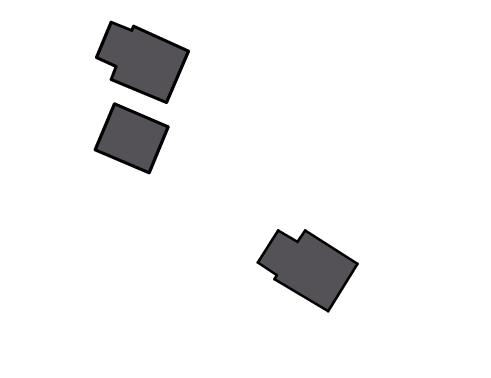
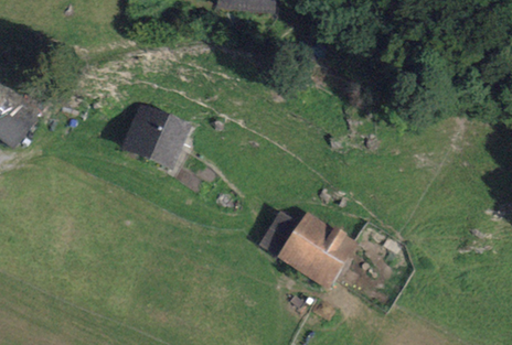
building: [96,22,189,103] -> none

